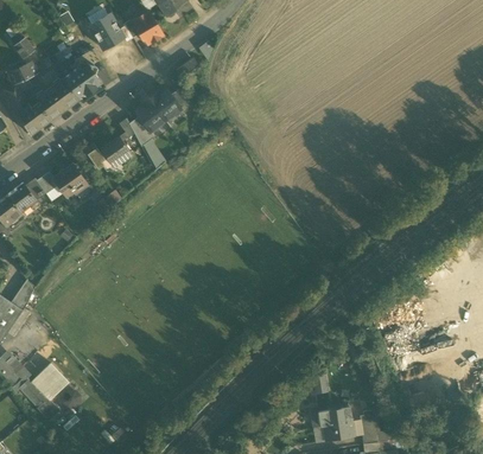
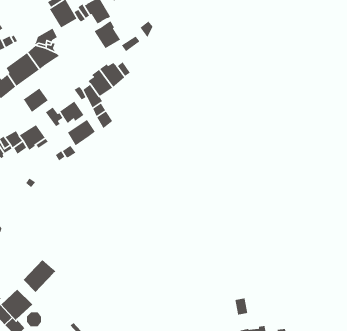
building: none -> [94,20,121,49]
building: none -> [23,87,49,113]
building: none -> [67,119,96,147]
building: none -> [23,259,57,293]

